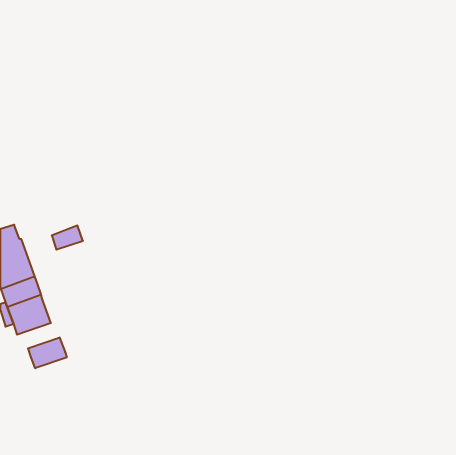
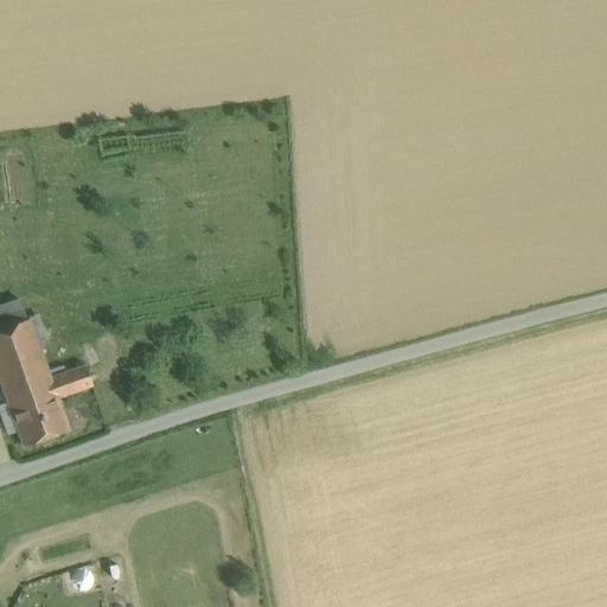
building: [52,226,83,250] -> [50,364,91,396]
building: [28,337,67,368] -> none

